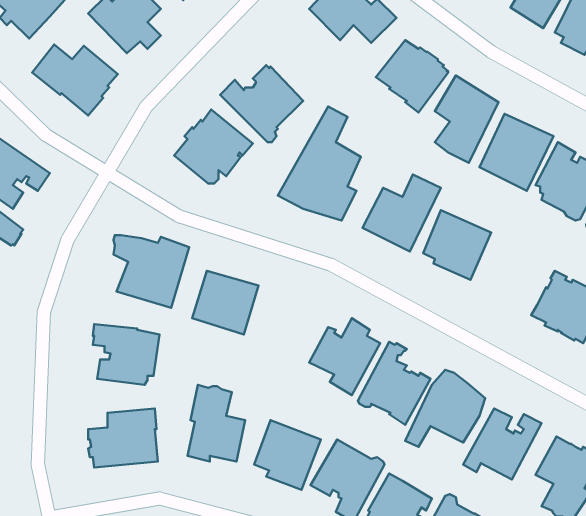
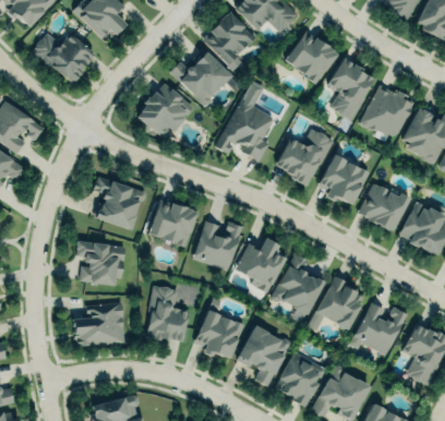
building: none -> [203,10,256,70]
building: none -> [354,181,414,233]
building: none -> [194,222,243,270]

